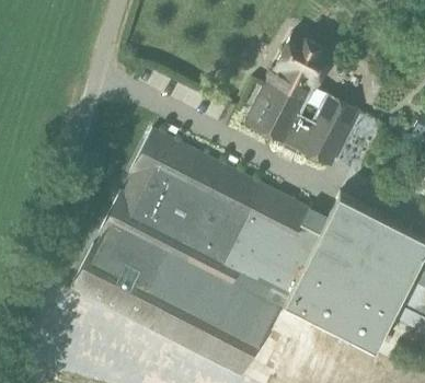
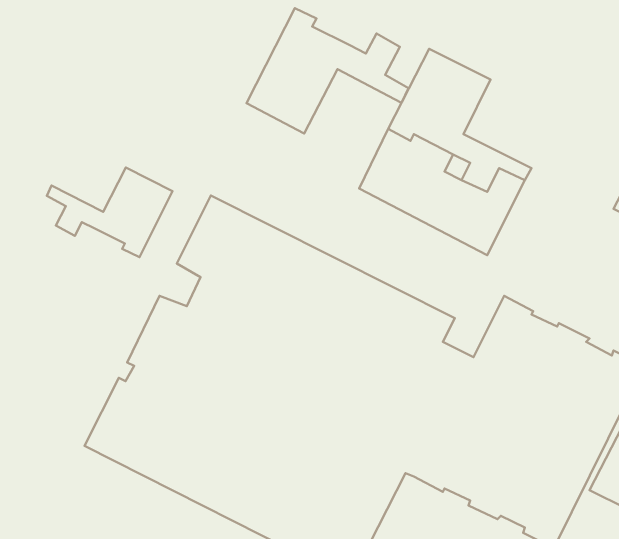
building: none -> [246,8,408,133]
building: none -> [47,167,172,257]

